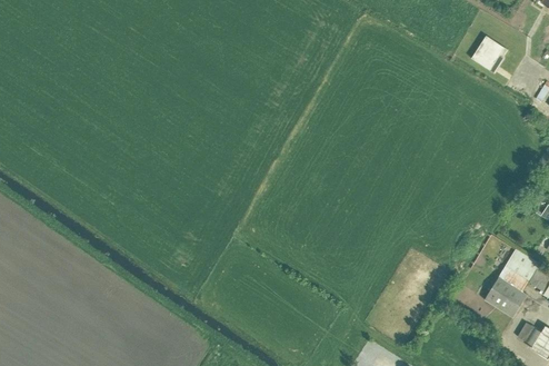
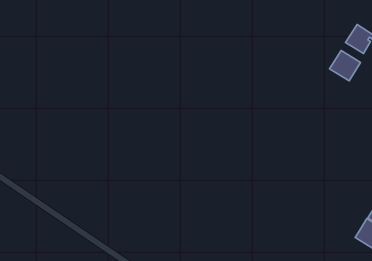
building: none -> [330,50,361,81]

